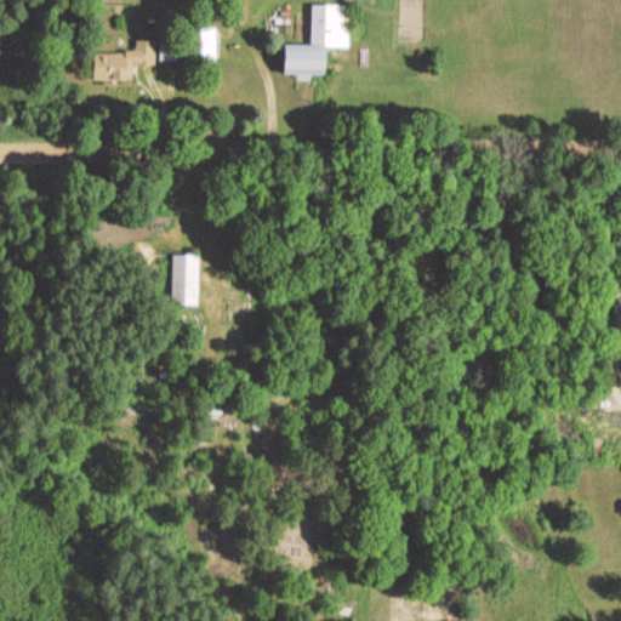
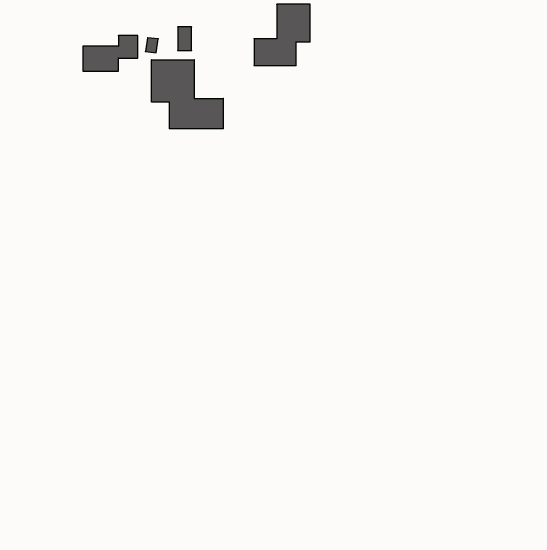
building: none -> [152,60,223,129]
building: [171,255,198,306] -> none

